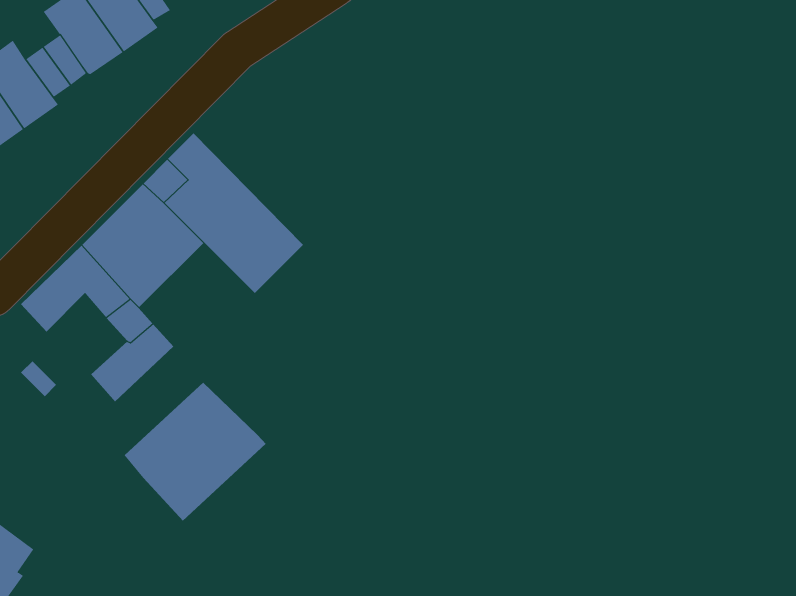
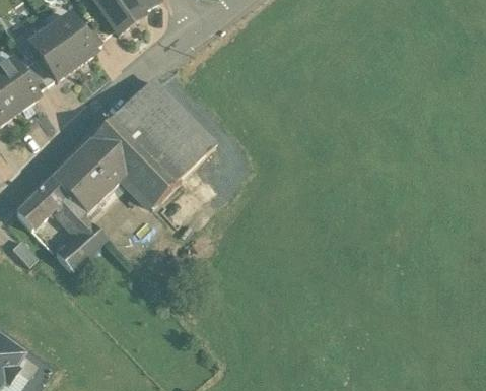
building: none -> [116,78,214,178]
building: [124,382,267,521] -> none

